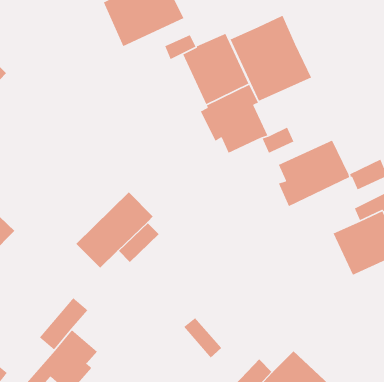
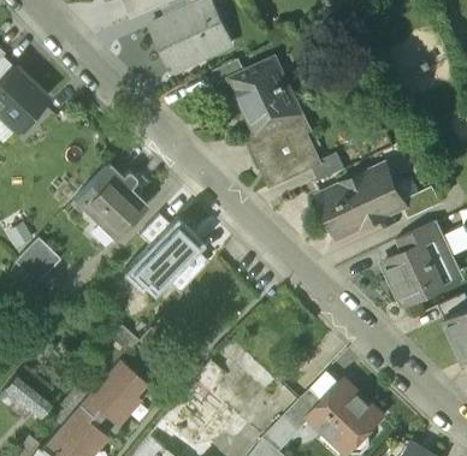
building: [229,15,312,102] -> none
building: none -> [72,164,144,238]

